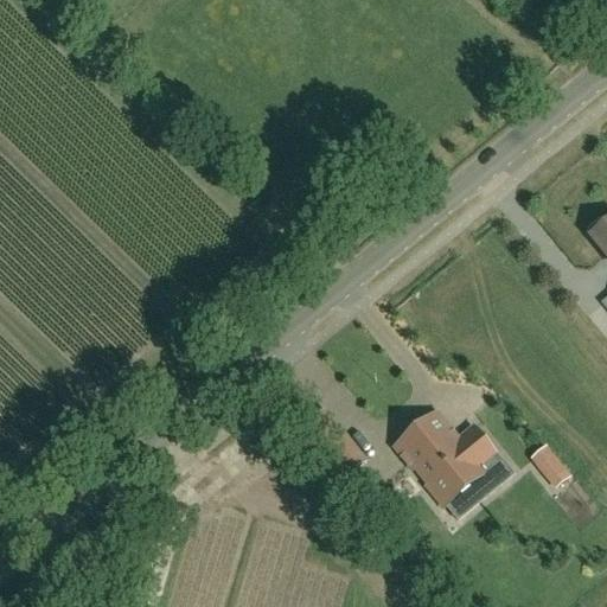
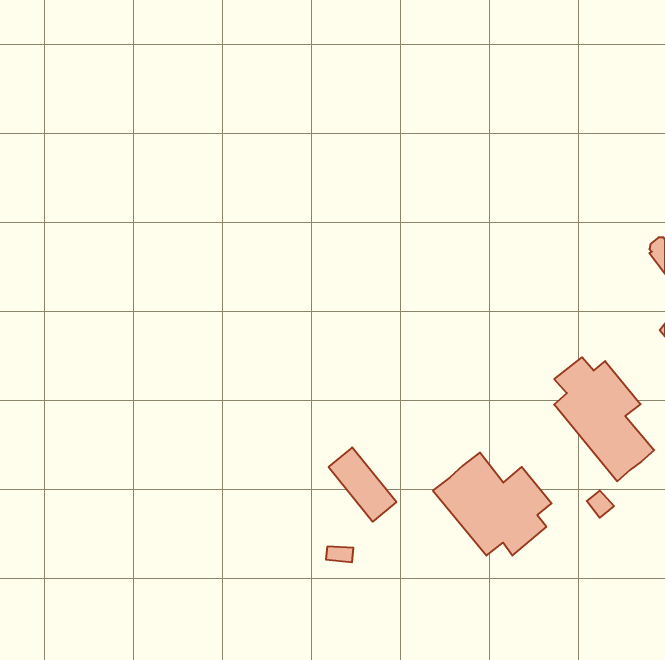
building: none -> [554,357,654,481]

